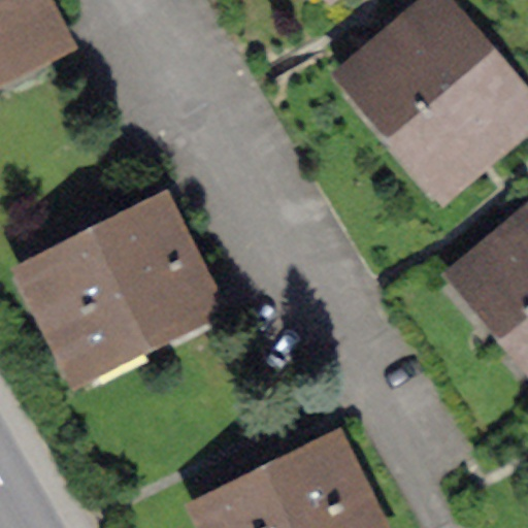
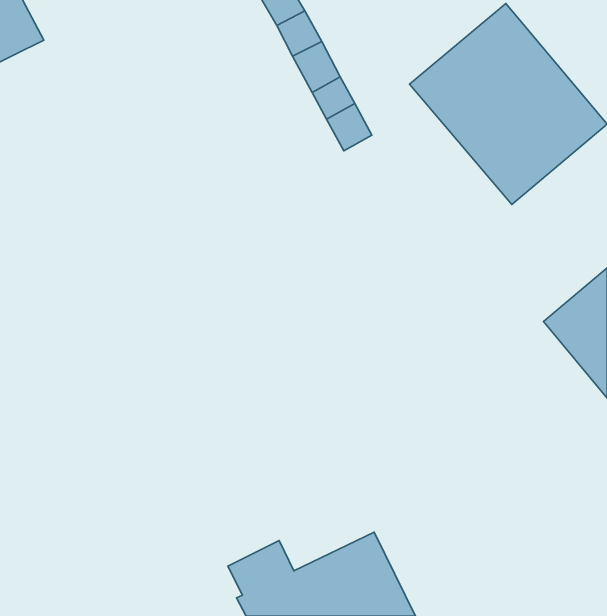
building: [24,211,190,360] -> none

